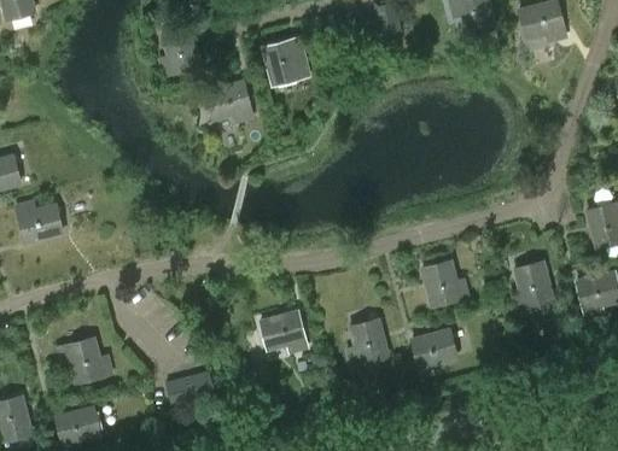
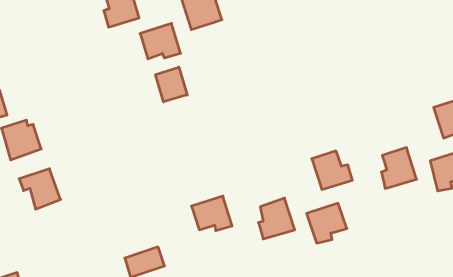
building: none -> [156,67,187,102]
building: [54,335,107,387] -> [19,169,61,209]

